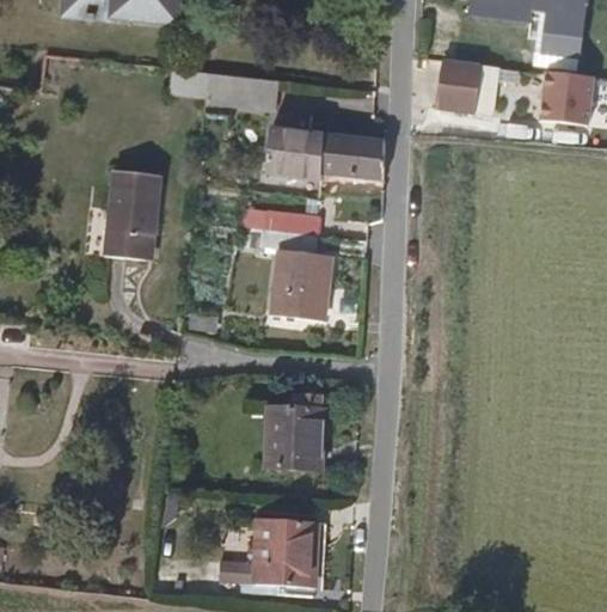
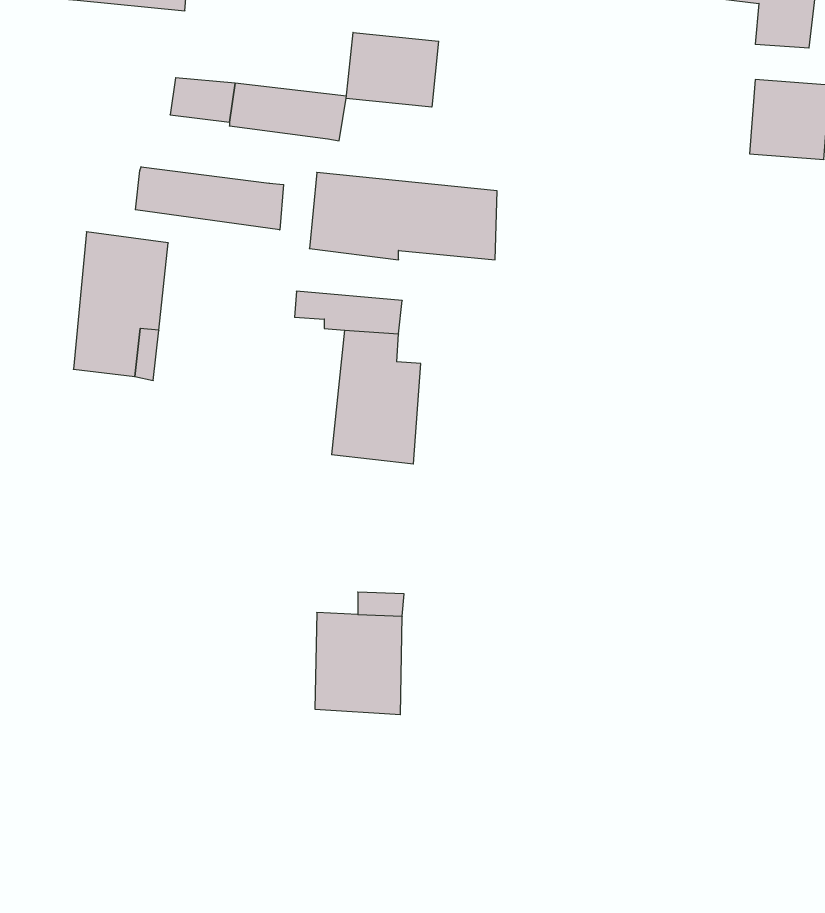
building: none -> [346,32,439,107]
building: [439,55,480,109] -> none
building: none -> [135,167,284,230]
building: [225,520,321,585] -> none

